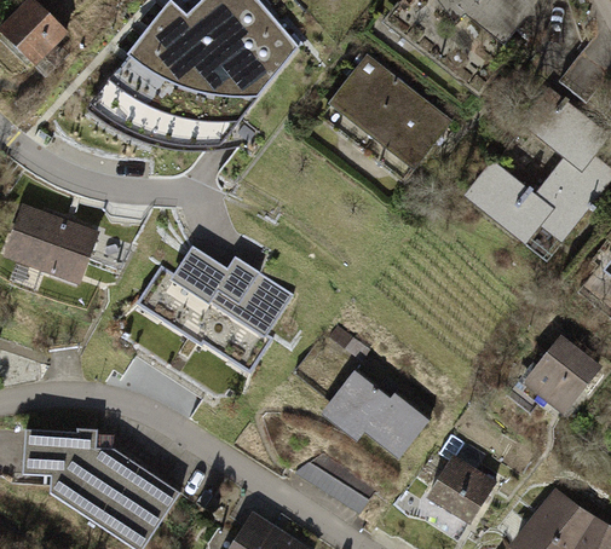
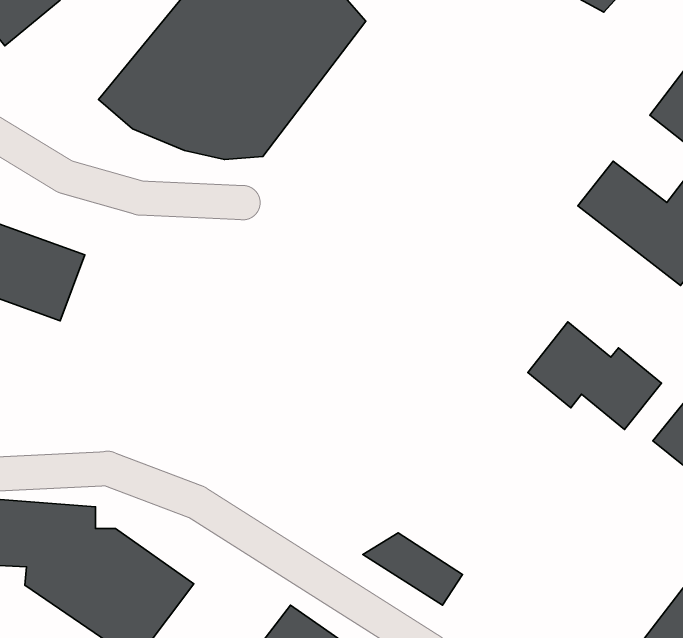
building: [317,51,442,173] -> none
building: [139,242,298,370] -> none
building: [327,370,432,455] -> [528,322,661,429]
building: [432,455,497,519] -> none

